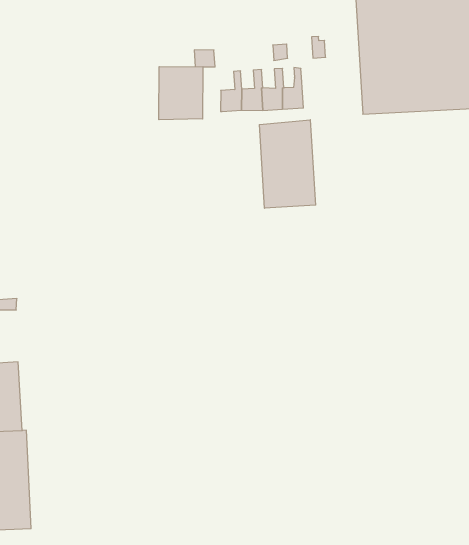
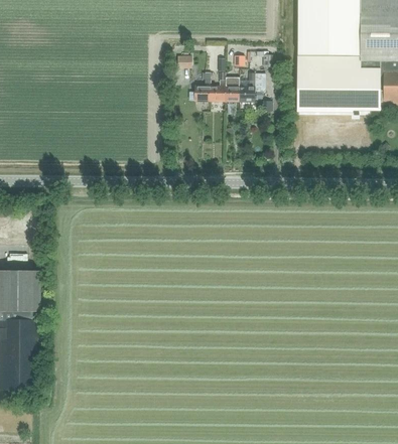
building: [159,67,203,120] -> none
building: [259,120,316,208] -> none

